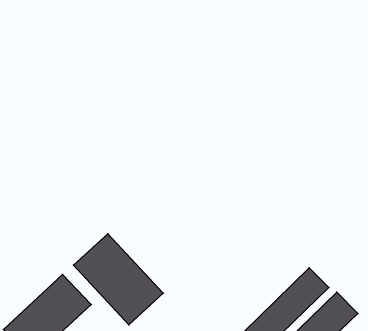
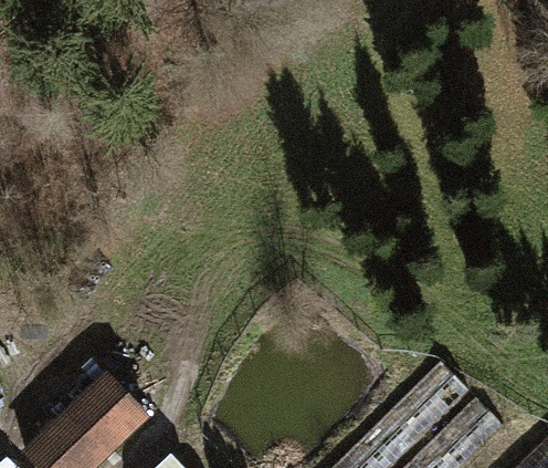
building: [74,234,163,325] -> none

